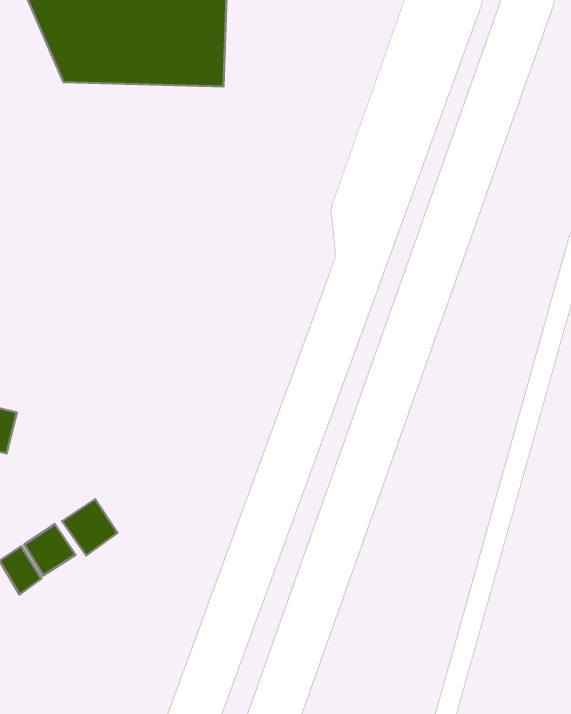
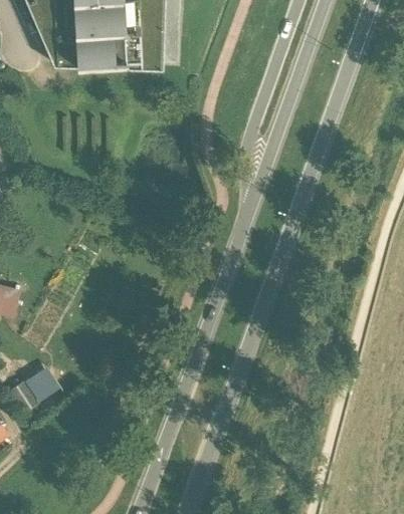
building: [62,499,118,555] -> none

